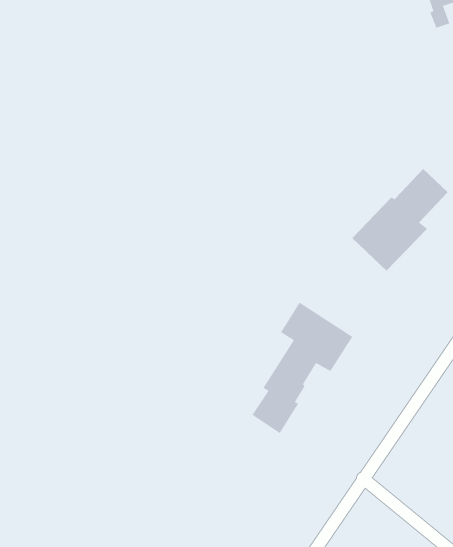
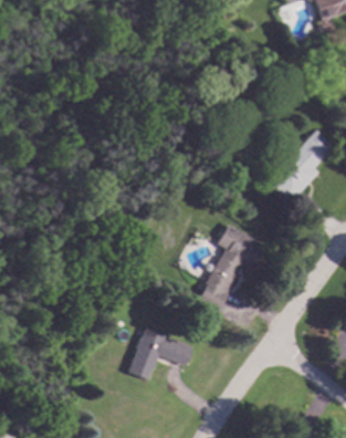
building: none -> [128,328,193,379]

